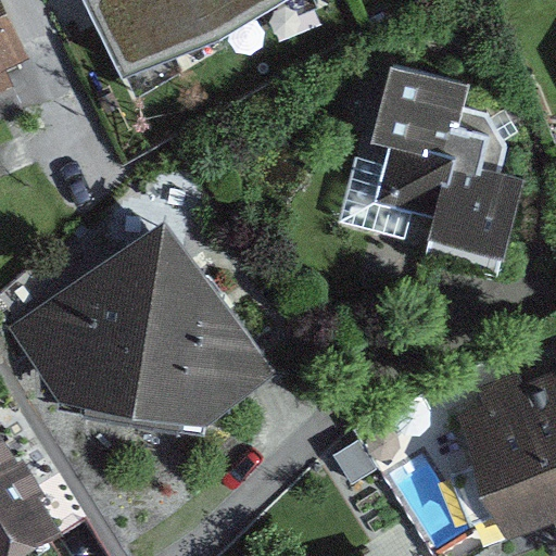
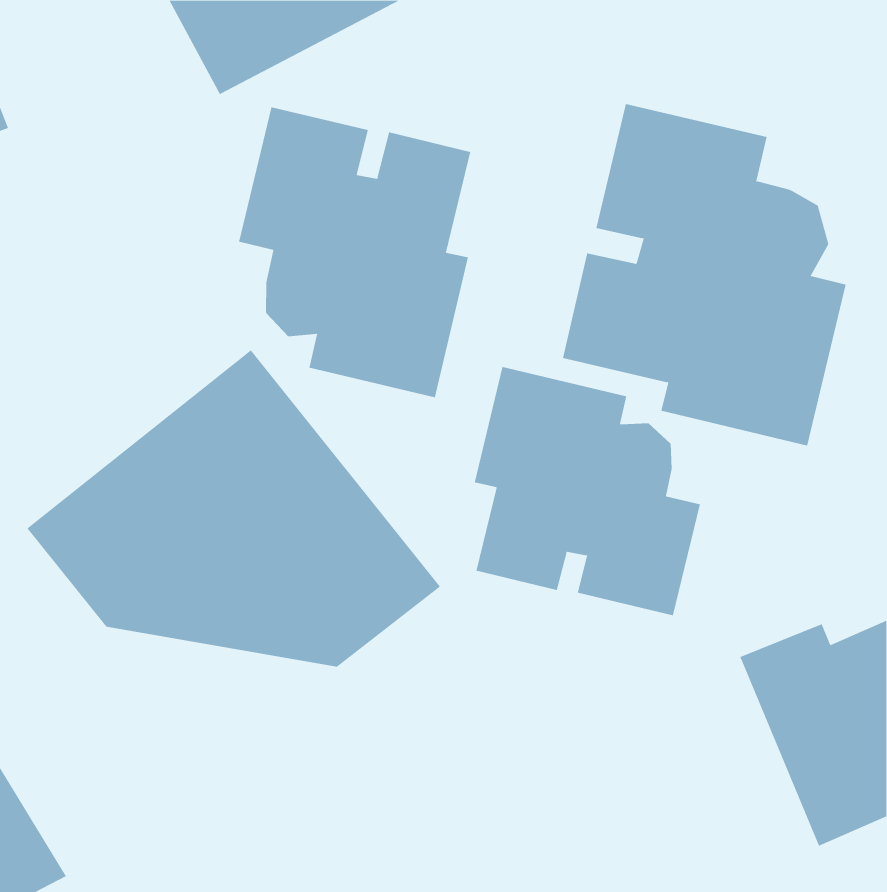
building: none -> [238,106,471,398]
building: none -> [474,366,700,616]

